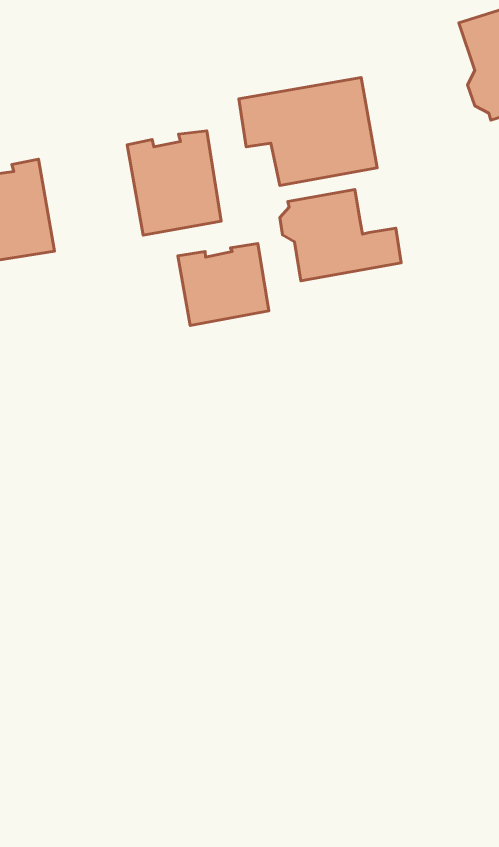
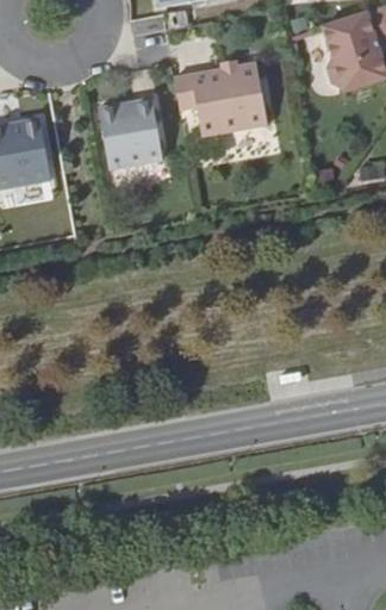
building: [280,190,401,281] -> none
building: [178,244,269,326] -> none

